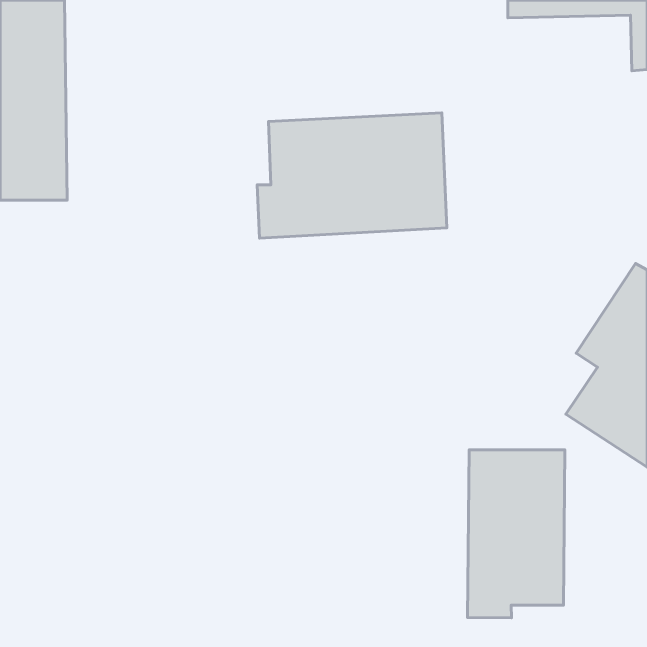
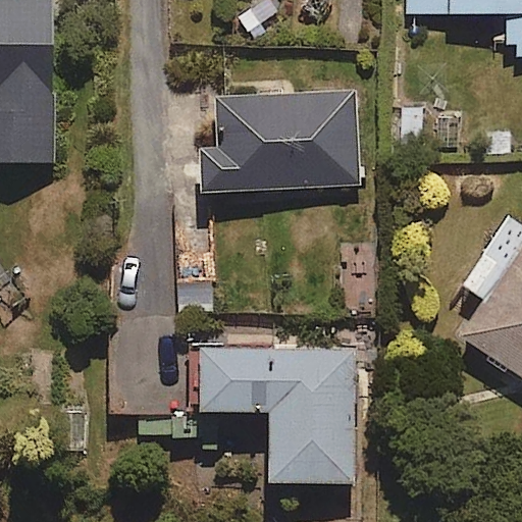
building: none -> [203,350,354,483]
building: [468,450,565,618] -> none

